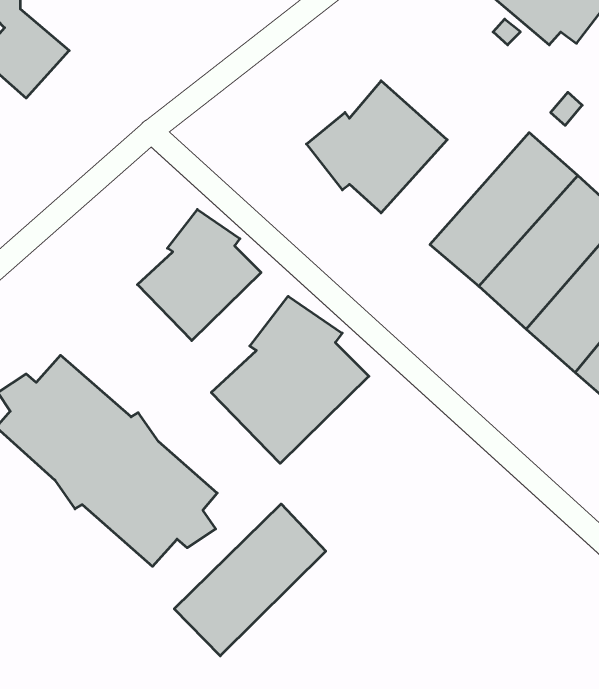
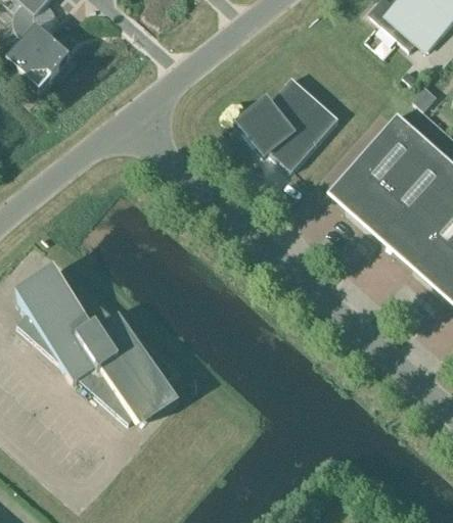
building: [137,209,261,341] -> none
building: [211,296,369,463] -> none
building: [174,504,326,656] -> none

